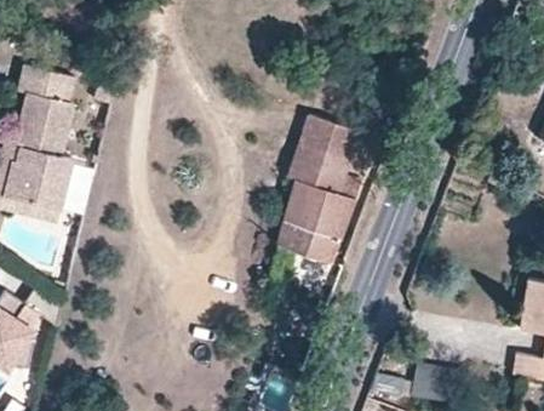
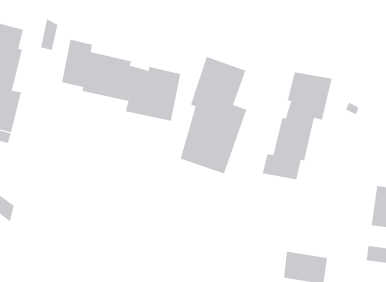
building: none -> [61,39,181,122]
building: none -> [262,72,332,180]

